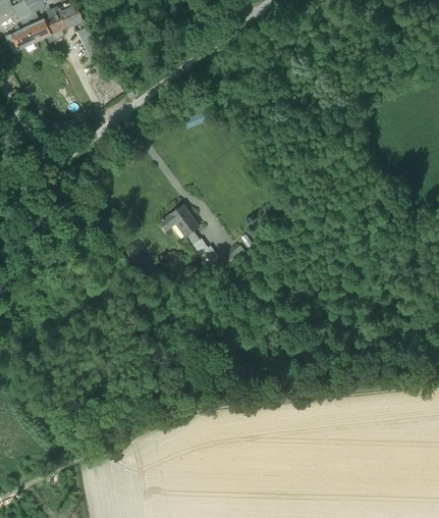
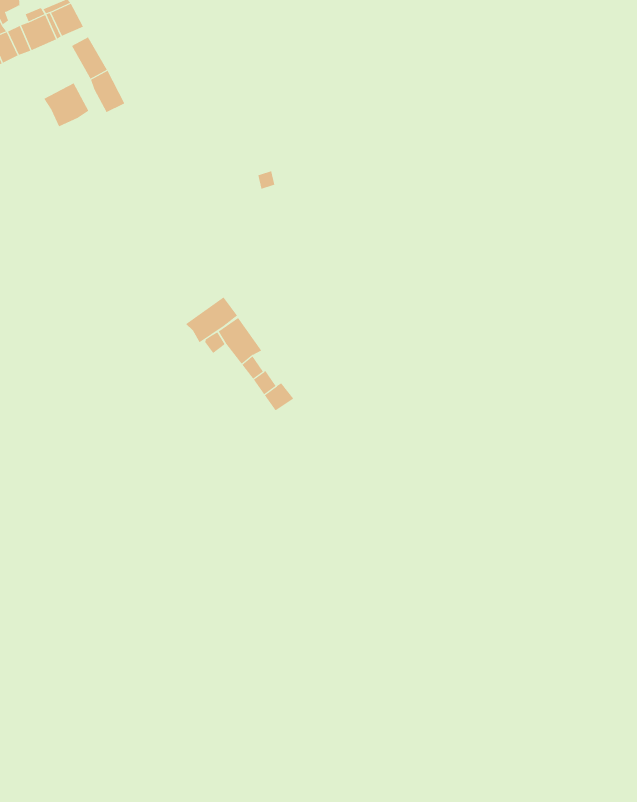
building: none -> [43,83,89,127]
building: none -> [185,296,238,343]

